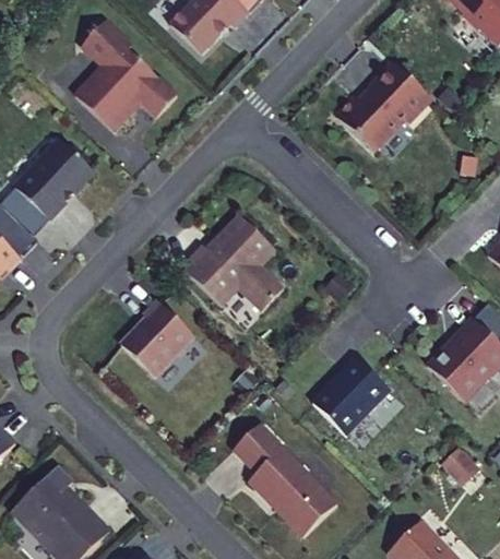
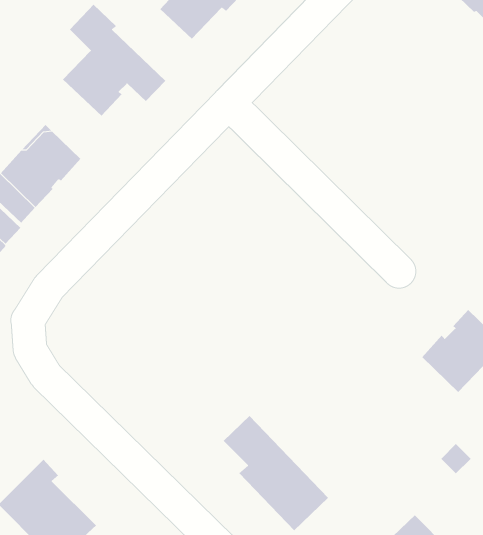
building: [334,60,430,151] -> none
building: [184,214,284,310] -> none
building: [120,300,193,376] -> none
building: [311,356,389,435] -> none

